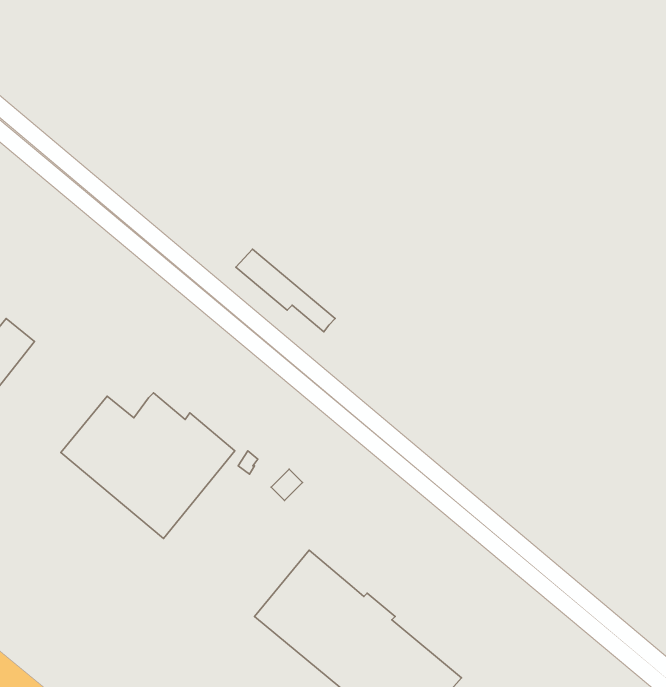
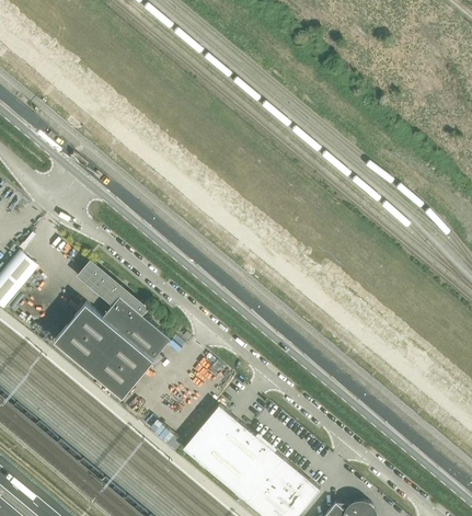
building: [236,249,335,332] -> [79,265,145,320]

